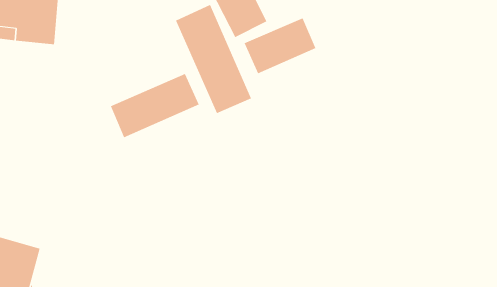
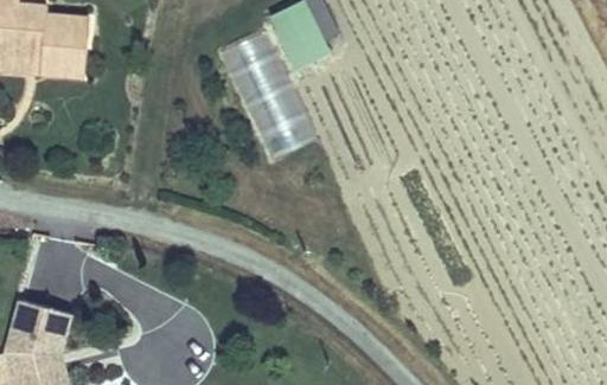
building: [244,18,316,74] -> none
building: [110,73,200,138] -> none

